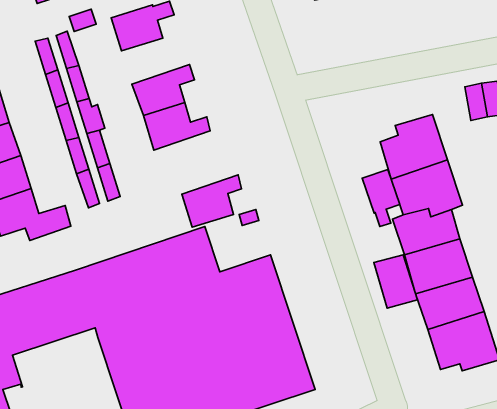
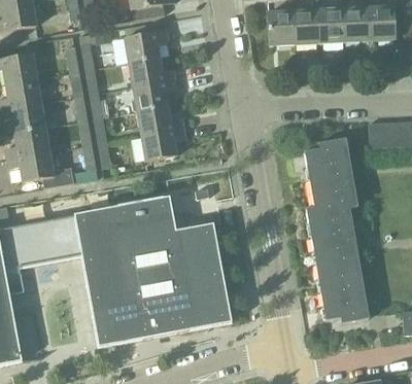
building: none -> [128,57,175,86]
building: [362,169,400,227] -> none
building: [182,175,242,227] -> [141,128,184,161]
building: [374,255,418,308] -> none

